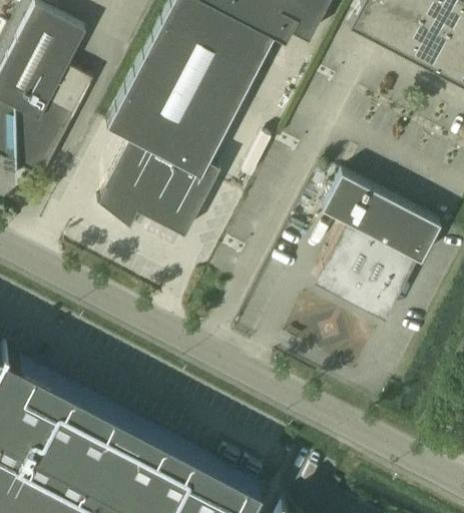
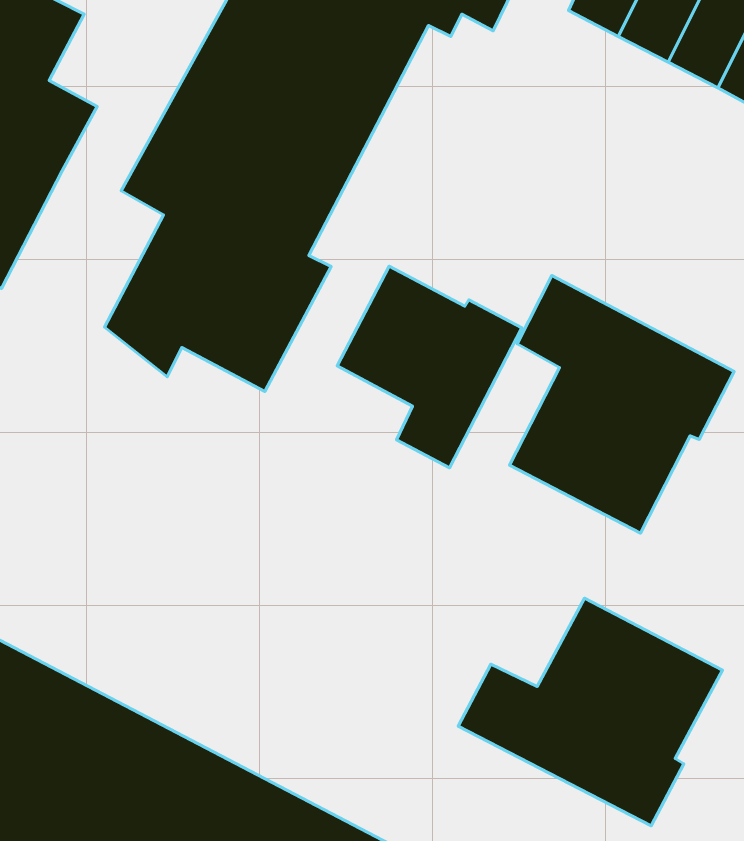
building: none -> [337,266,522,468]
building: none -> [458,598,722,826]

